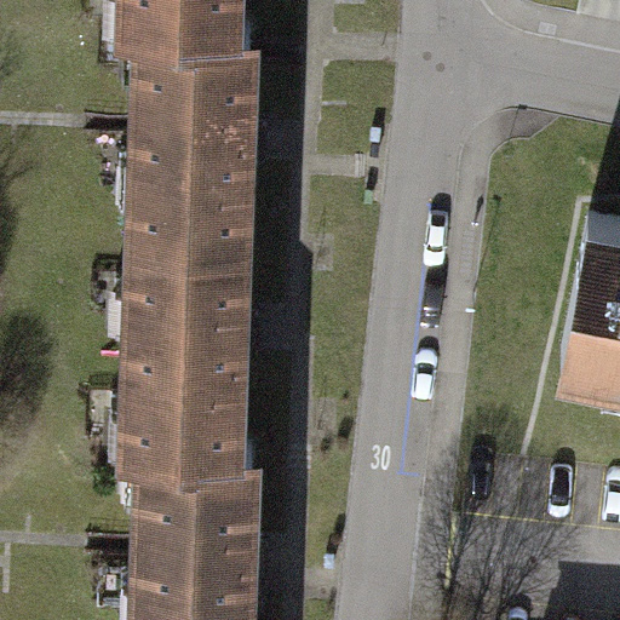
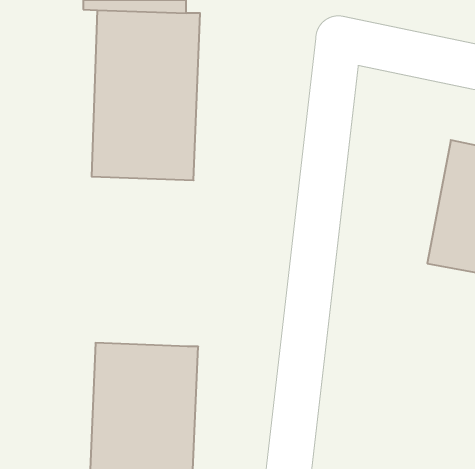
building: [115,240,254,460] -> none

